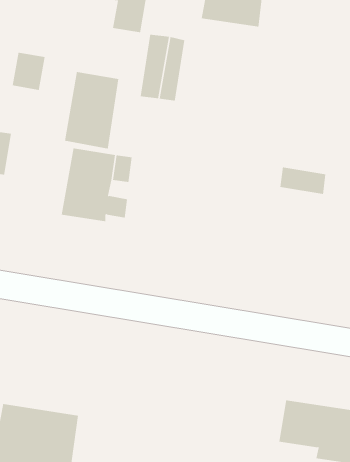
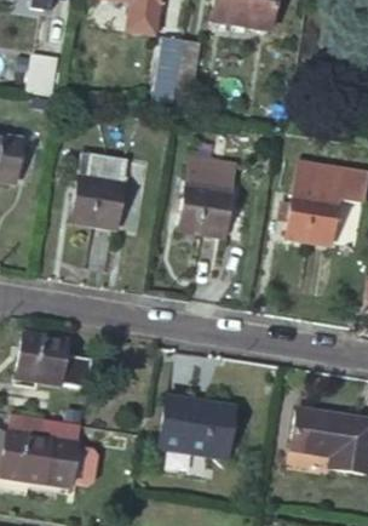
building: [64,72,119,149] -> [179,158,235,236]
building: none -> [287,193,339,246]
building: none -> [18,333,69,382]
building: none -> [157,398,236,461]

